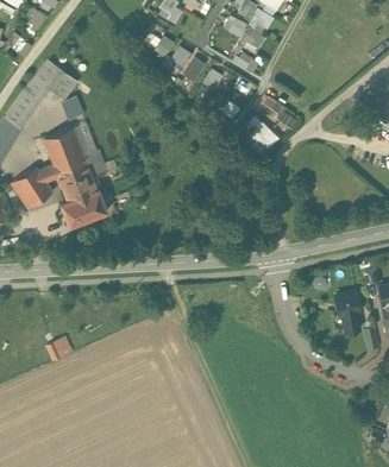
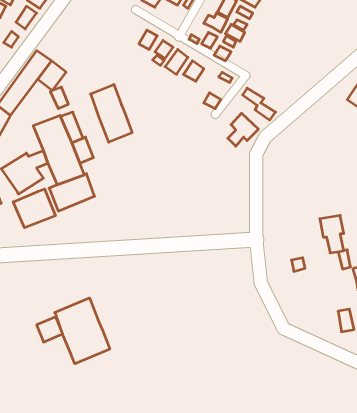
building: none -> [90,84,132,142]
building: none -> [13,189,55,228]
building: [334,291,359,330] -> [320,215,344,253]
building: none -> [55,298,110,364]

